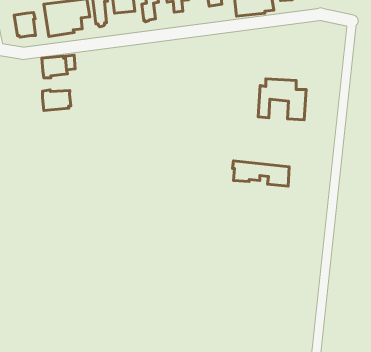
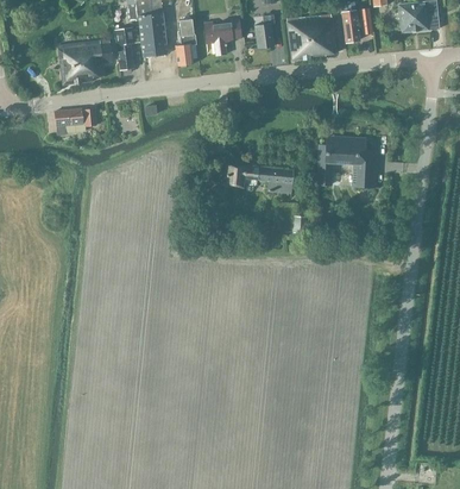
building: [14,12,35,37] -> none
building: [42,90,71,110] -> none
building: [232,161,289,186] -> [223,162,292,193]

